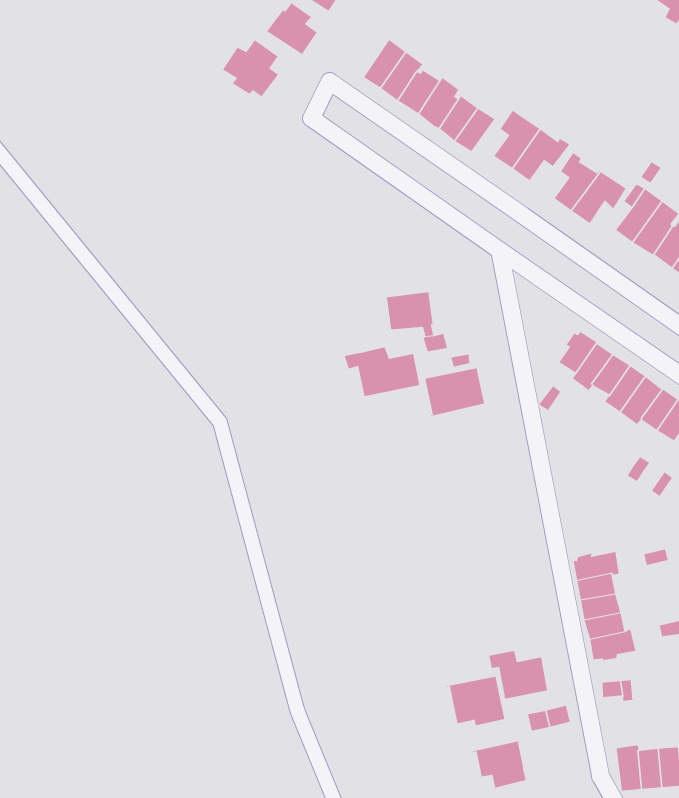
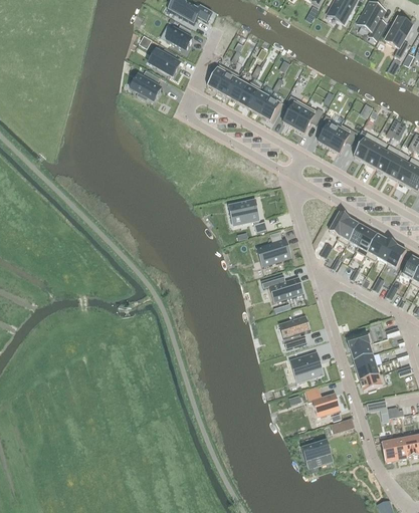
building: [344,347,420,396] -> [260,274,303,302]
building: none -> [279,315,310,348]
building: [445,676,505,726] -> [289,351,324,379]

